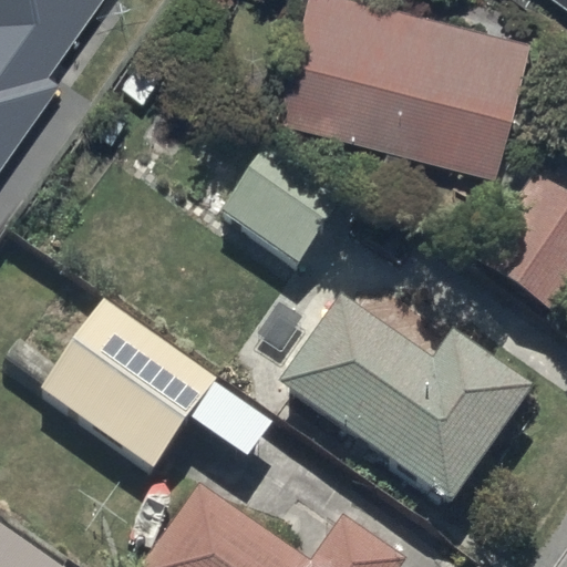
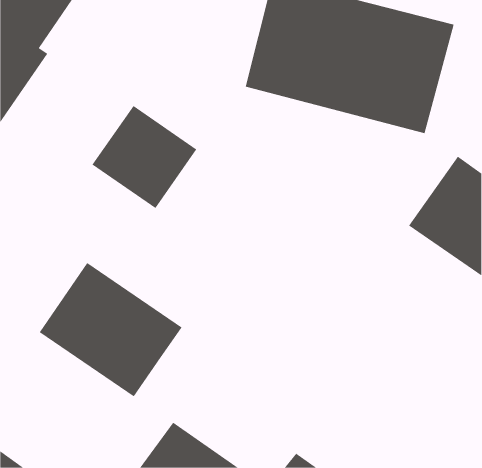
building: [224,140,348,261] -> [91,105,197,209]
building: [289,308,534,507] -> none

